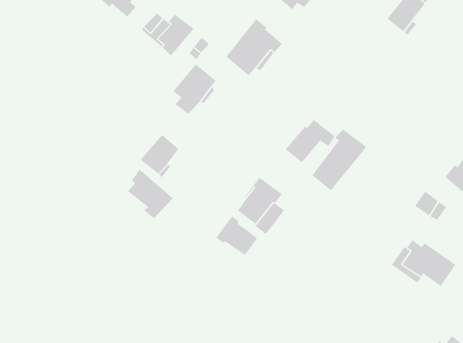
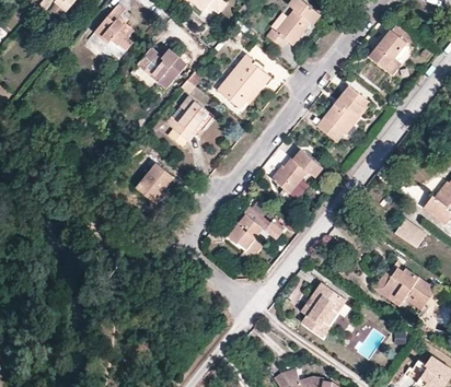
building: [311,129,367,191] -> [316,82,369,141]
building: [127,169,174,219] -> none
building: [215,216,258,256] -> none
building: none -> [302,280,347,335]

